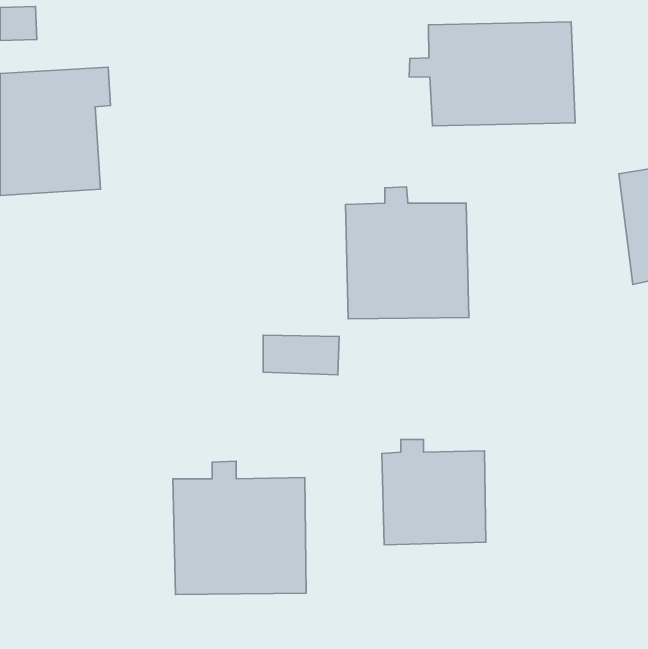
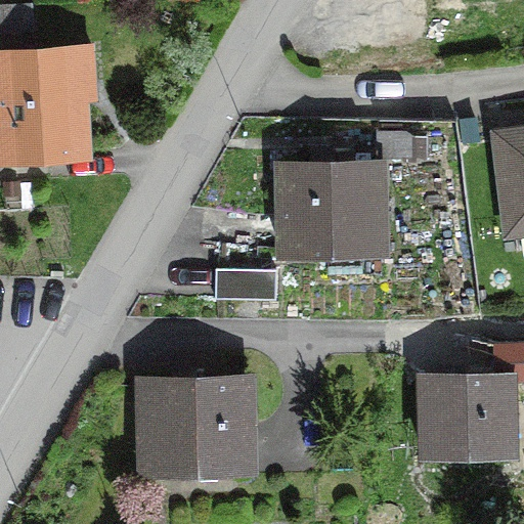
building: [409,22,575,126] -> none
building: [382,439,486,545] -> [423,369,507,454]

